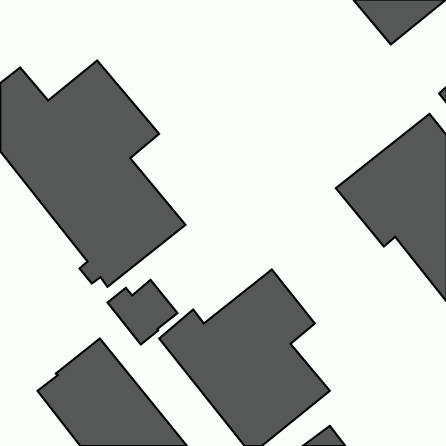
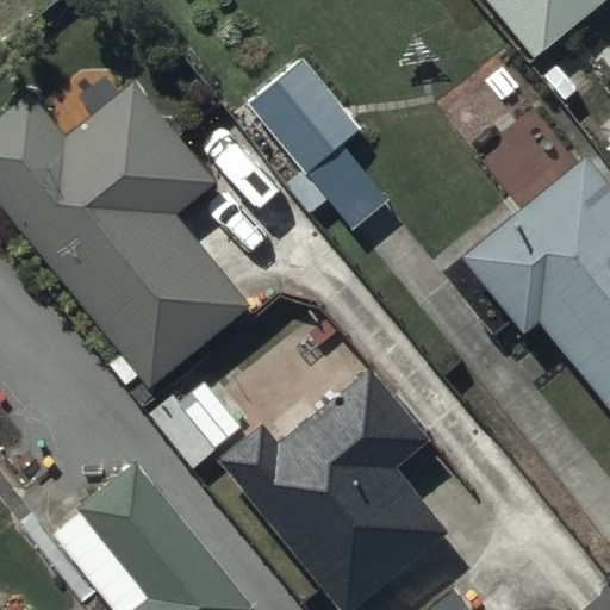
building: none -> [234,58,390,230]

